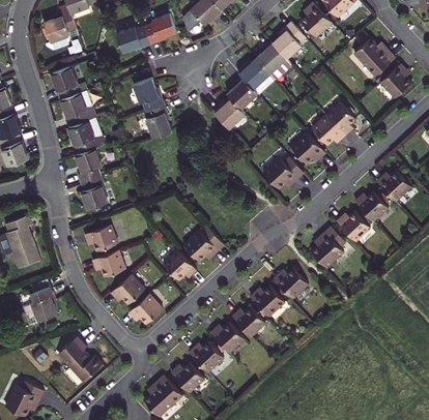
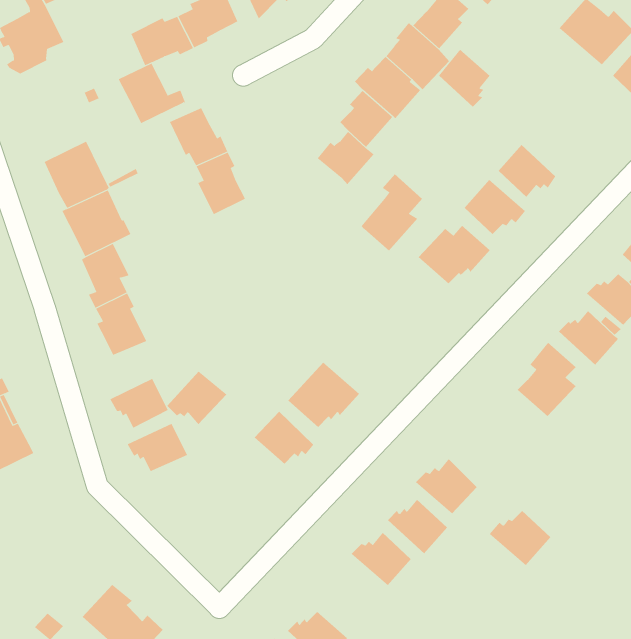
building: [51,66,87,99] -> [118,63,186,124]
building: [326,101,355,134] -> [438,49,490,108]
building: none -> [361,174,423,251]
building: [274,267,308,298] -> [489,510,551,566]
building: [111,274,145,304] -> [166,371,227,425]
building: [31,286,57,321] -> none
building: [128,294,163,324] -> none
building: [189,340,224,372] -> none

